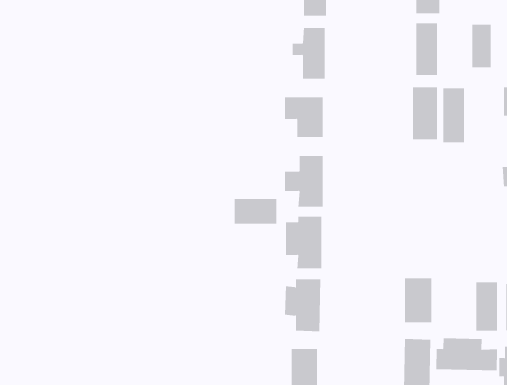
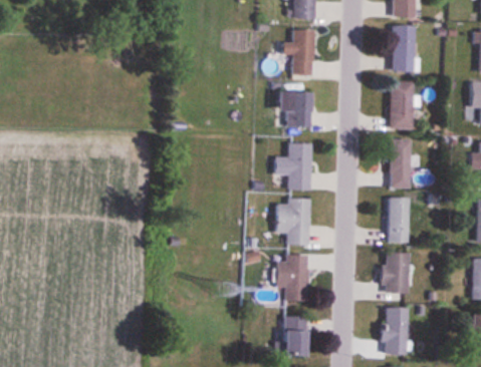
building: [472,24,491,68] -> none
building: [442,88,465,143] -> [391,138,411,188]
building: [234,198,277,224] -> none
building: [476,282,498,331] -> [389,198,409,242]
building: [436,338,498,371] -> none

